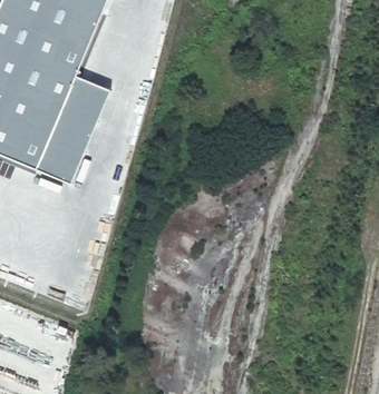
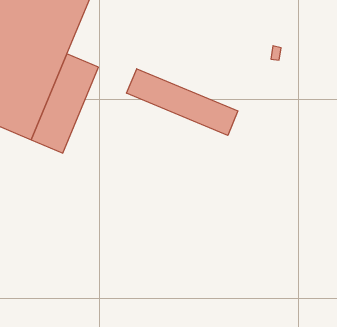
building: none -> [127,69,238,135]

